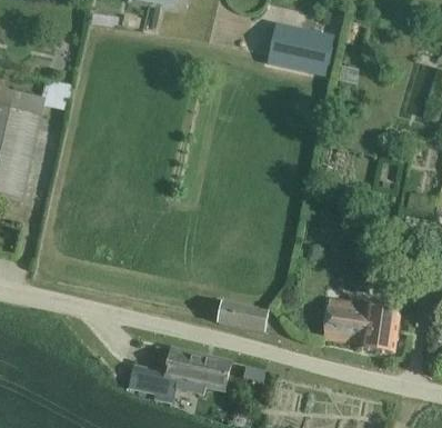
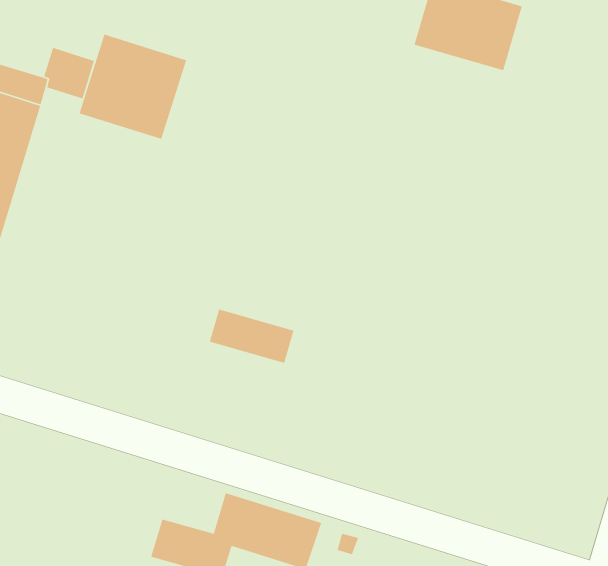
building: none -> [79,34,187,140]
building: [322,300,399,352] -> none
building: [214,301,267,332] -> [209,308,295,364]

